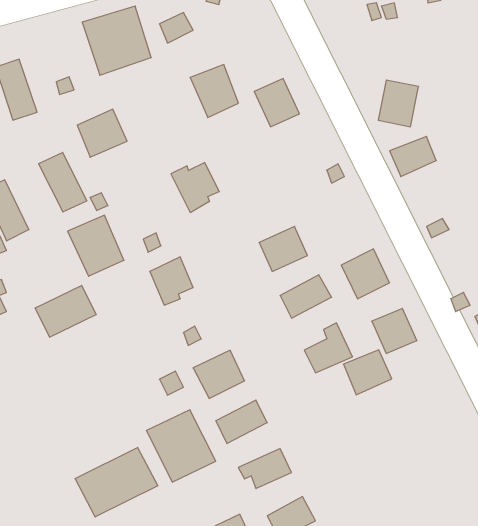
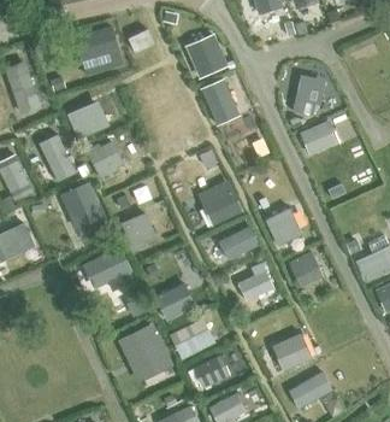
building: [190,65,238,118] -> [188,36,224,76]
building: [171,163,219,212] -> [87,141,123,178]
building: [35,286,96,337] -> [85,248,131,287]
building: [343,350,392,395] -> [276,335,312,369]
building: [75,447,158,517] -> none
building: none -> [290,373,332,408]

